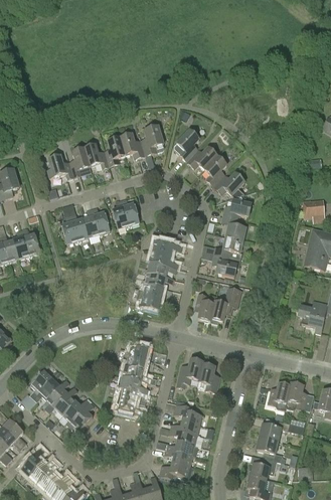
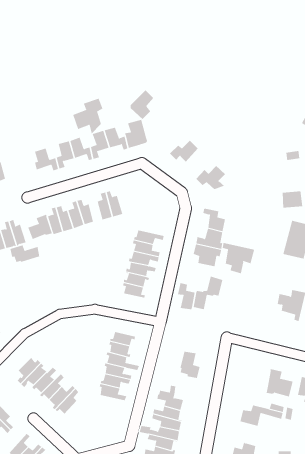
building: none -> [73,98,103,134]
building: [173,129,198,160] -> [130,90,154,120]
building: [203,155,227,186] -> none
building: [222,193,251,219] -> none
building: none -> [28,214,53,240]
building: none -> [222,242,255,274]
building: none -> [10,245,40,263]
building: [176,358,202,387] -> none
building: [267,382,290,409] -> none
building: [256,436,282,462] -> none

